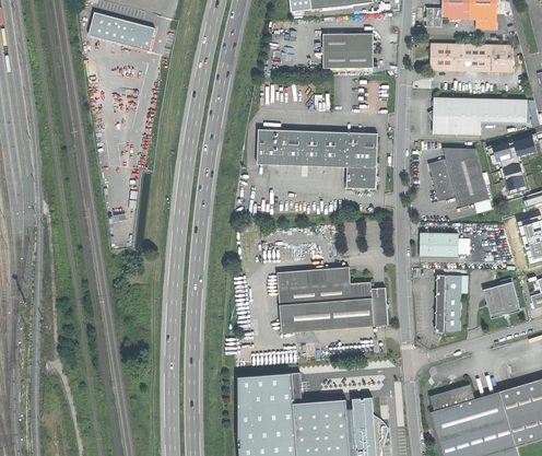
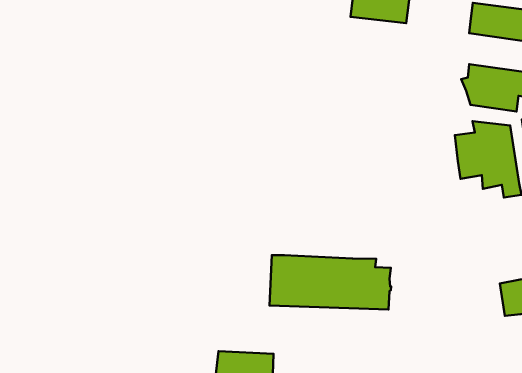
building: [256,130,377,189] -> none
building: [419,233,458,258] -> none
building: [276,267,350,288] -> none
building: [435,274,461,332] -> none

